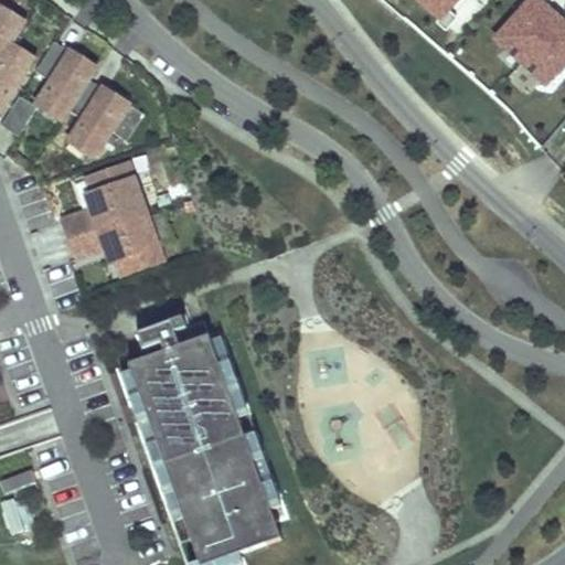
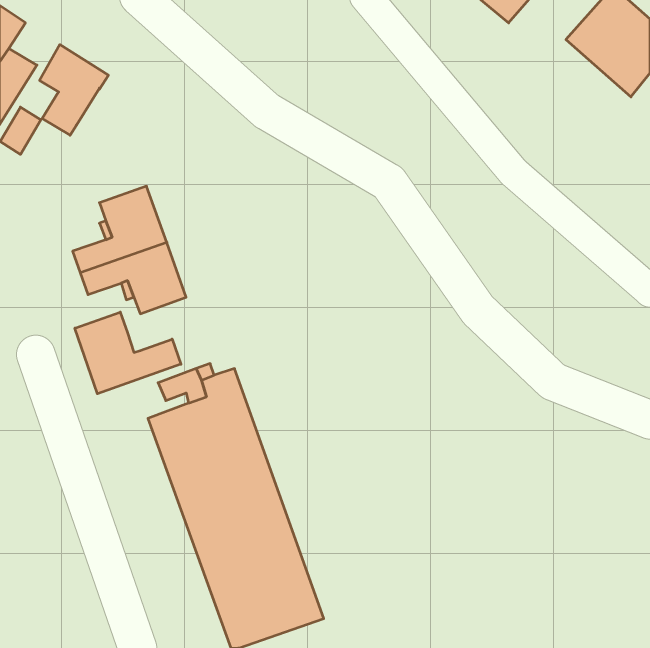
building: [66,76,143,154] -> none
building: none -> [75,312,181,394]

